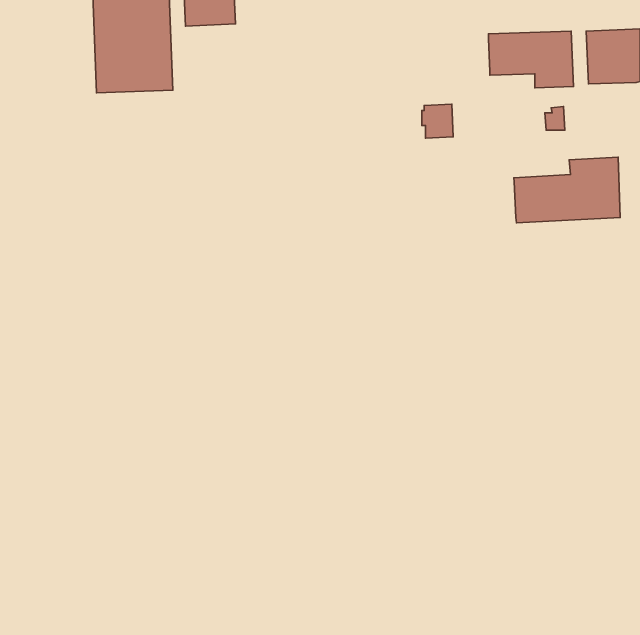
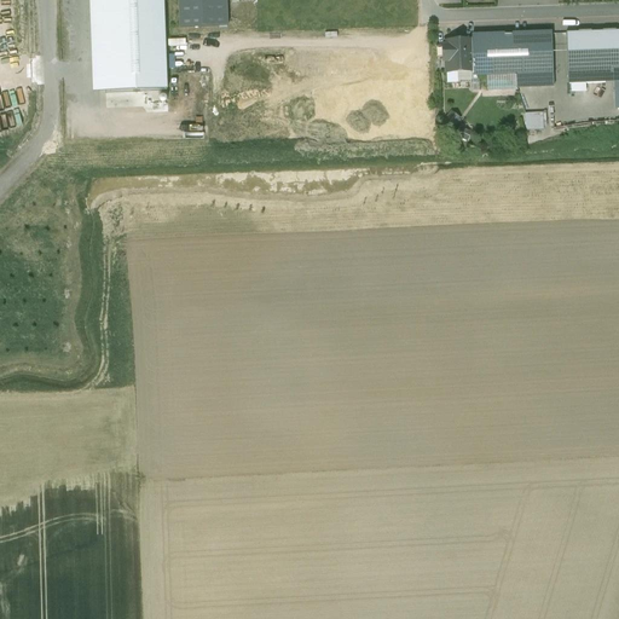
building: [422,104,453,138] -> [442,37,473,70]
building: [514,157,620,223] -> none

